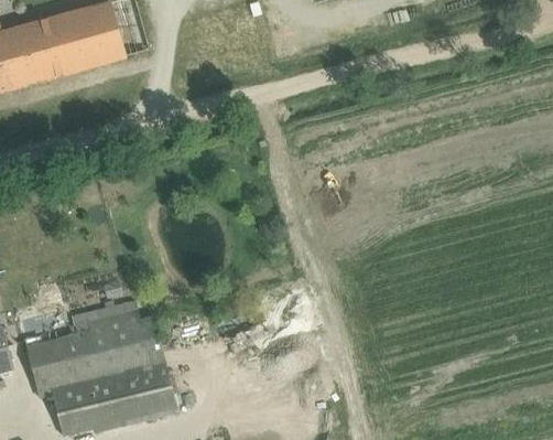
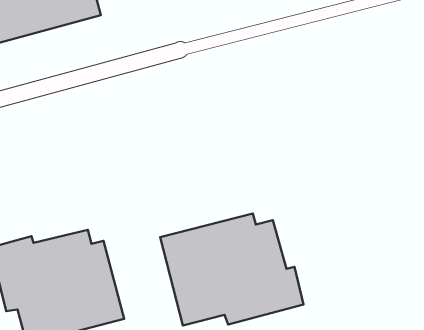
building: none -> [160,214,303,325]

